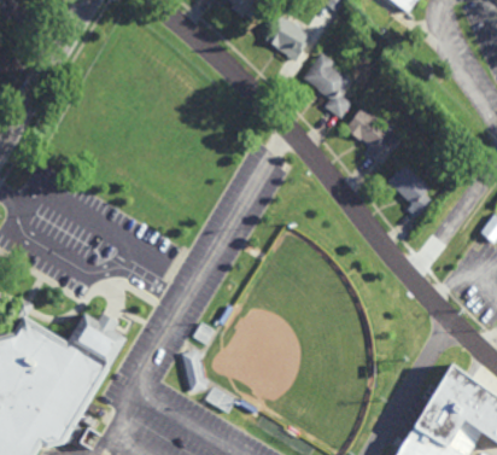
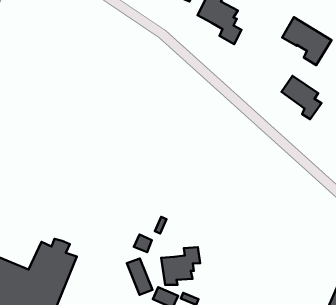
building: [345,105,402,164] -> [282,17,332,65]
building: none -> [161,247,200,285]

